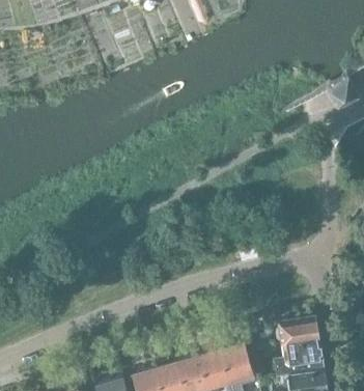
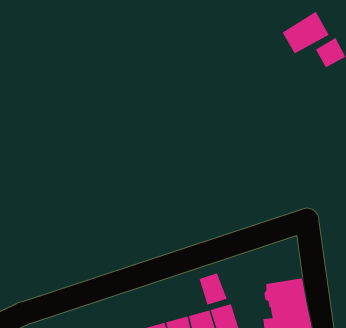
building: none -> [282,11,329,54]
building: none -> [199,272,227,306]

